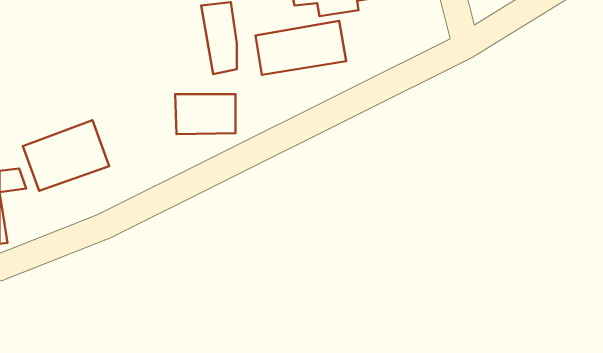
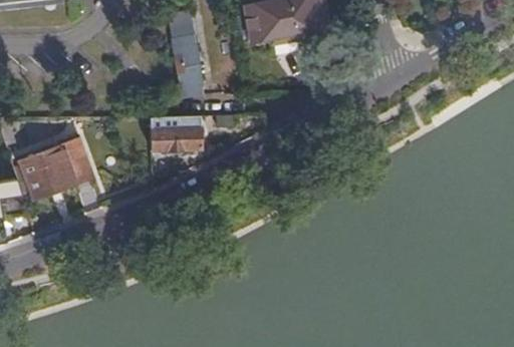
building: [256,21,346,75] -> none

